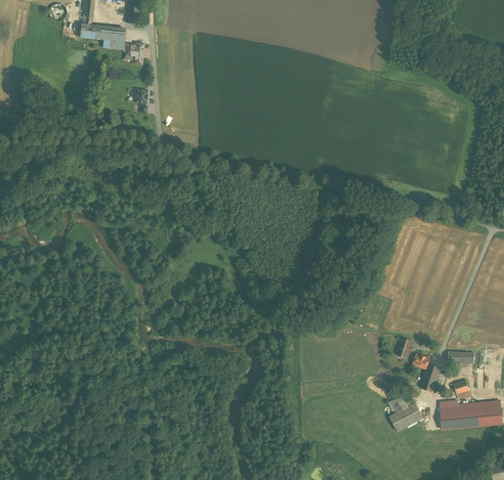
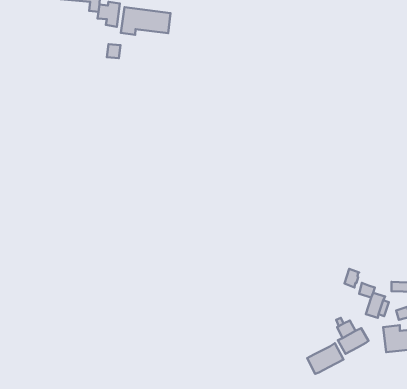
building: none -> [121,7,171,35]
building: none -> [307,343,343,374]

